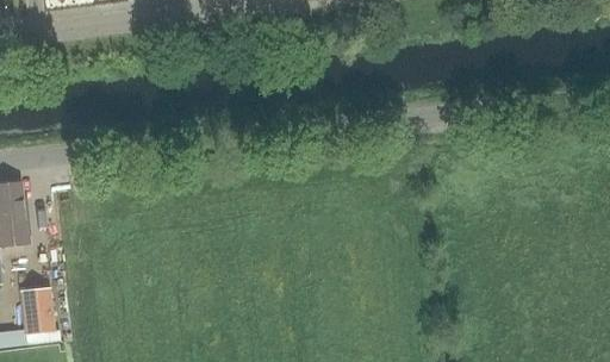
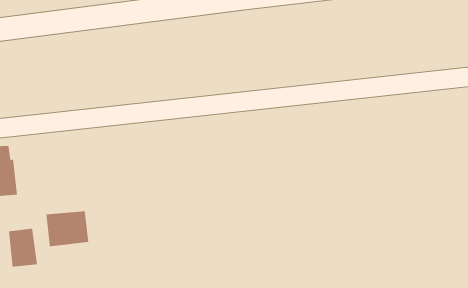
building: none -> [46,210,89,247]

